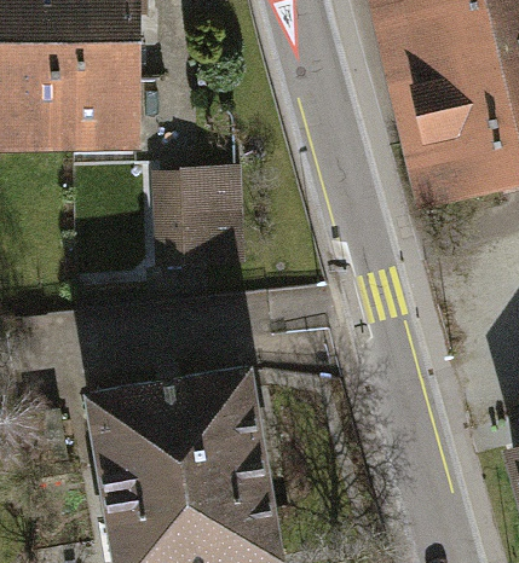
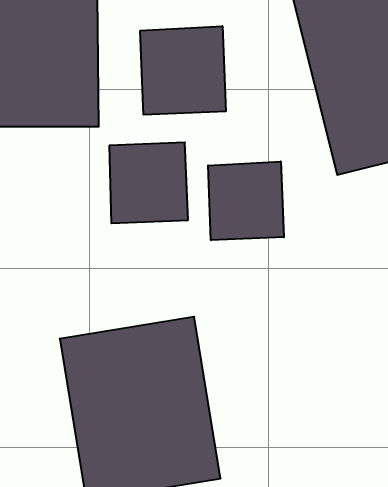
building: none -> [140,26,226,115]
building: none -> [208,161,284,240]

